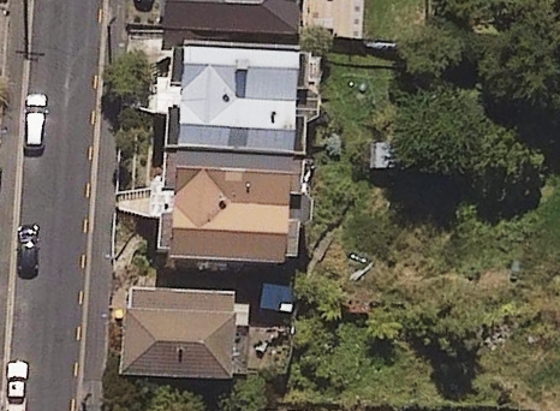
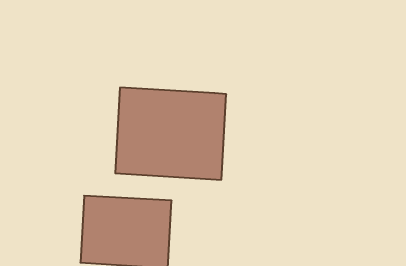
building: [171,47,298,157] -> none

